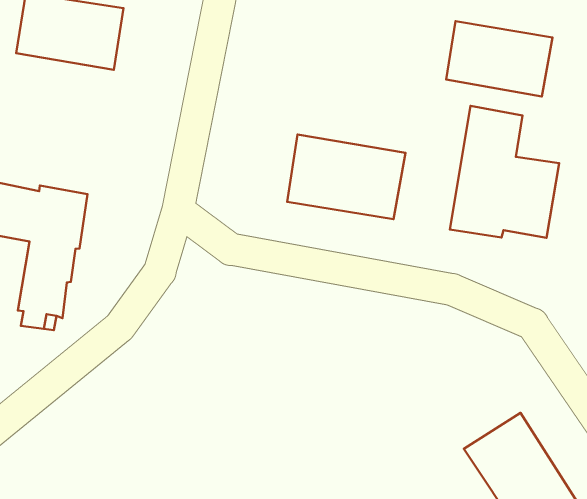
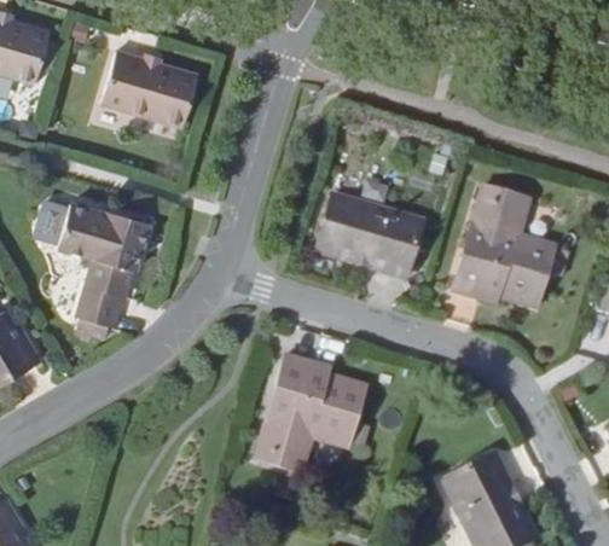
building: [446,21,553,96] -> none
building: none -> [256,356,365,474]

